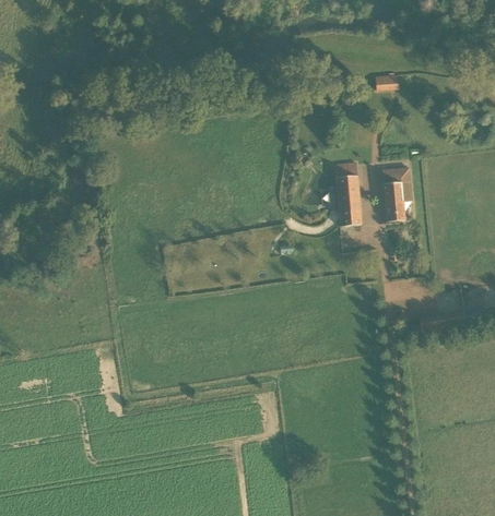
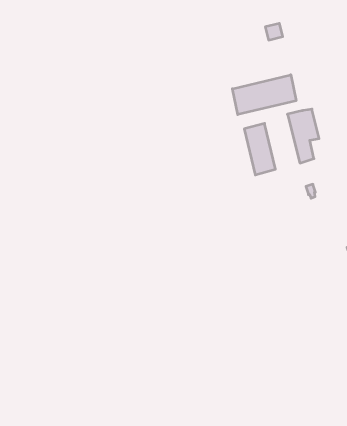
building: none -> [232,75,296,115]

